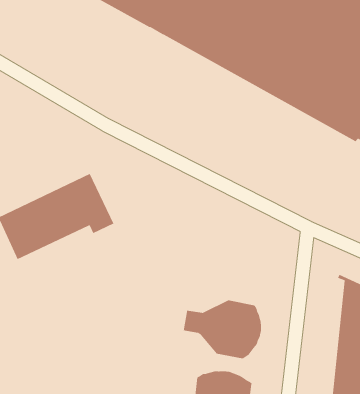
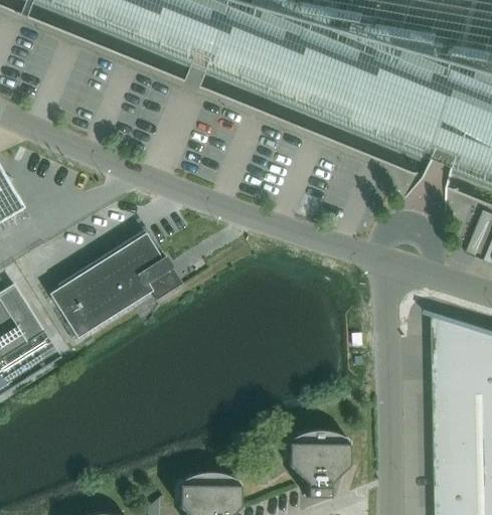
building: [183,300,262,360] -> none

